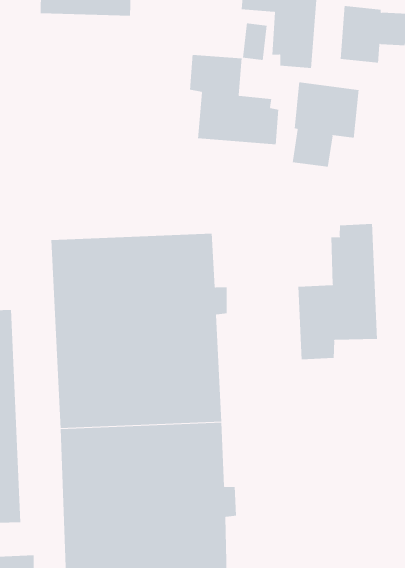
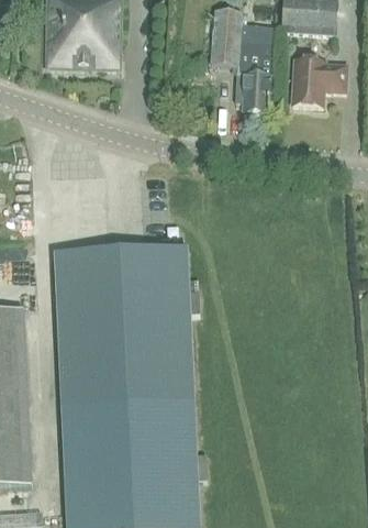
building: [189,54,279,145] -> none
building: [292,81,359,167] -> none
building: [298,223,377,360] -> none

